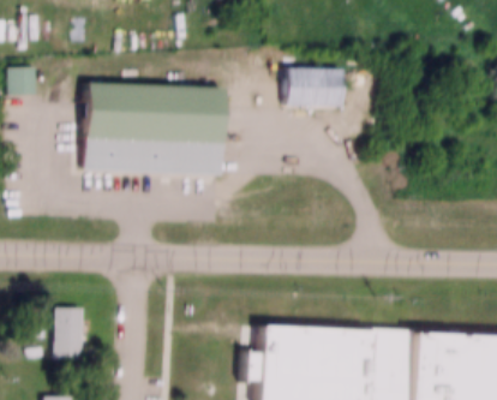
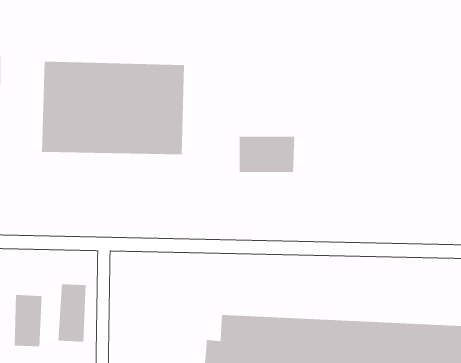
building: [286,67,340,102] -> [239,136,295,172]
building: none -> [58,283,86,342]

